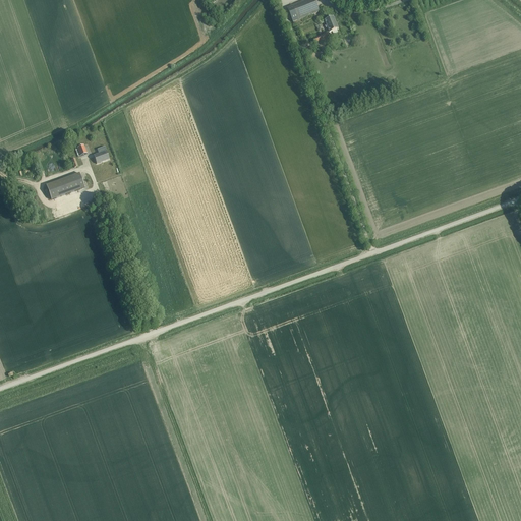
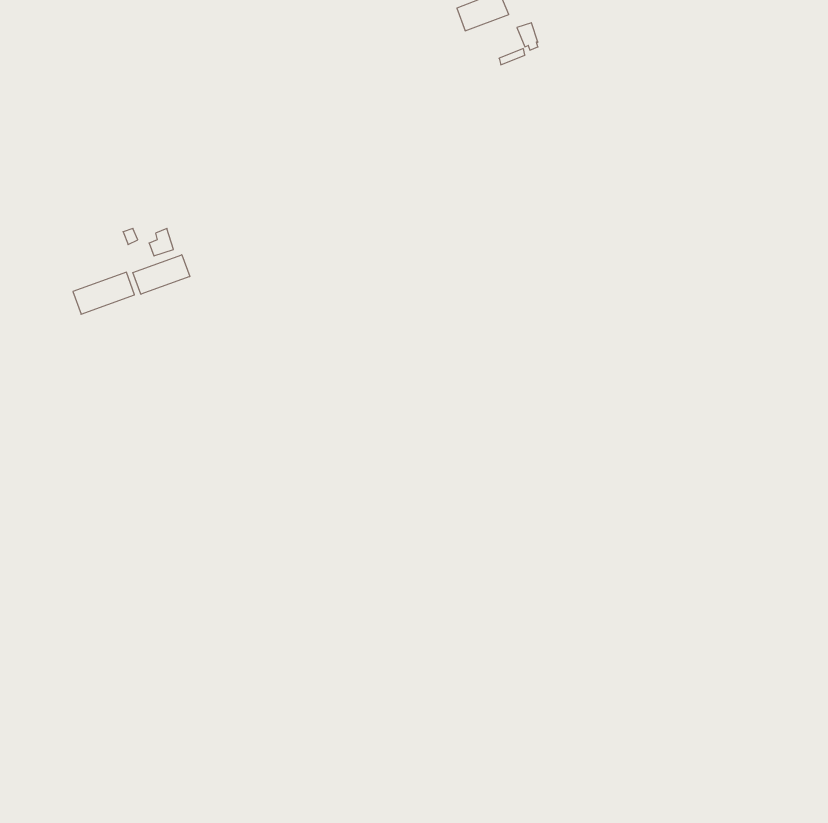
building: none -> [133,255,190,294]

